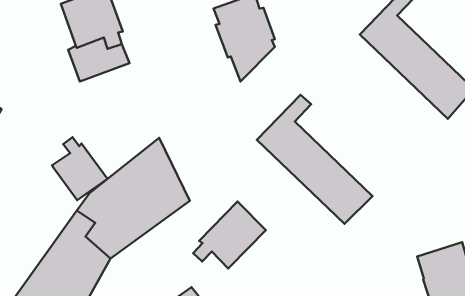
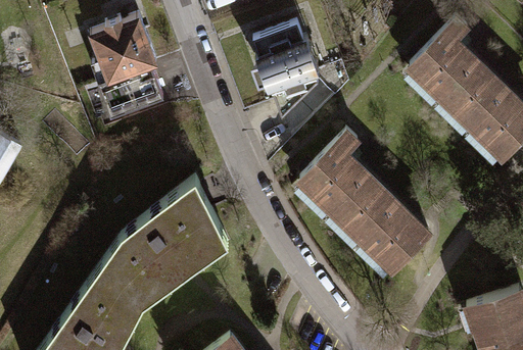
building: [52,137,107,200] -> none
building: [193,202,266,268] -> none

